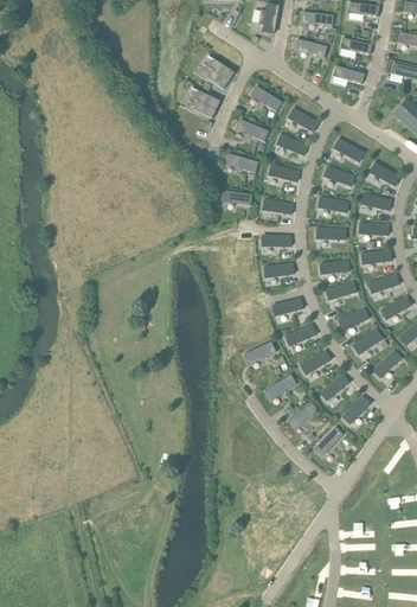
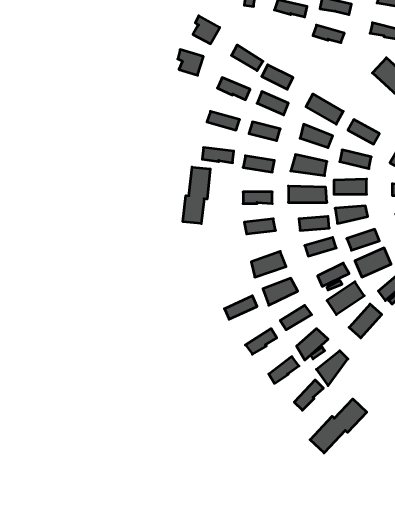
building: none -> [183,167,210,224]
building: none -> [310,399,367,453]

